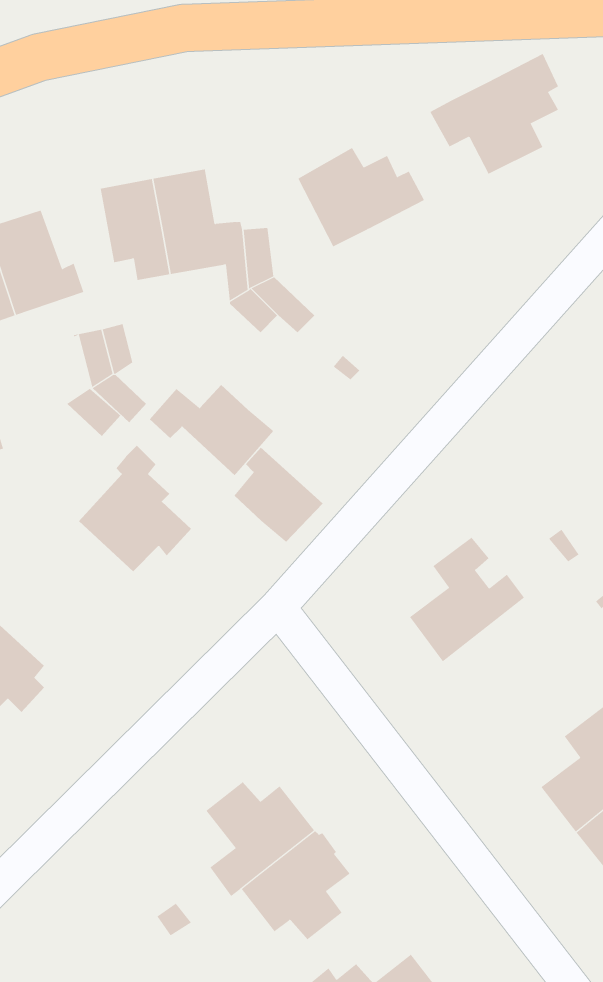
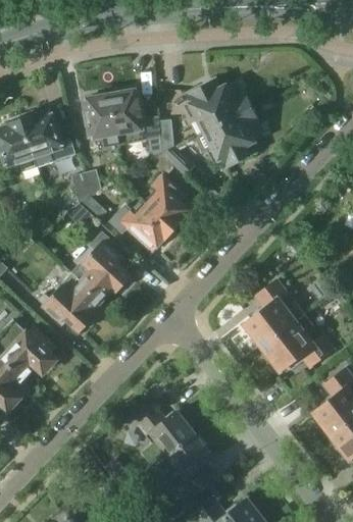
building: [430,53,559,174] -> [193,106,260,169]
building: [233,447,323,543] -> [146,176,193,226]
building: none -> [38,273,100,332]
building: none -> [261,313,333,371]

